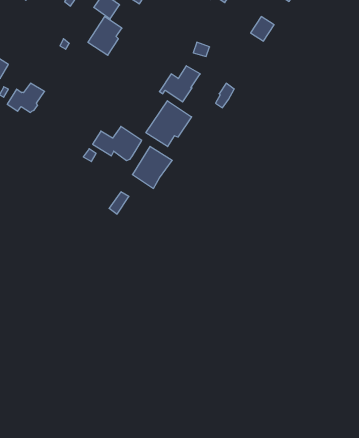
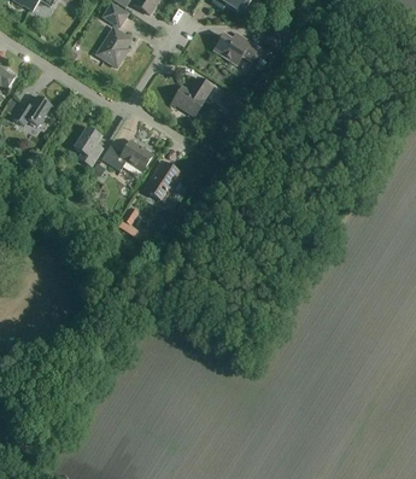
building: none -> [213,33,259,64]
building: [146,101,192,147] -> none
building: none -> [74,127,101,165]

